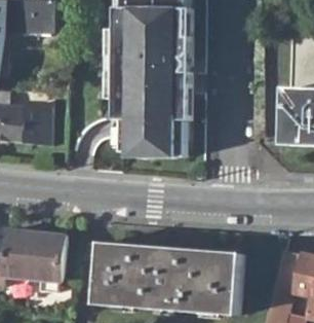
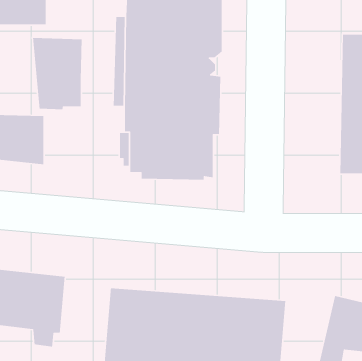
building: none -> [32,37,82,110]

